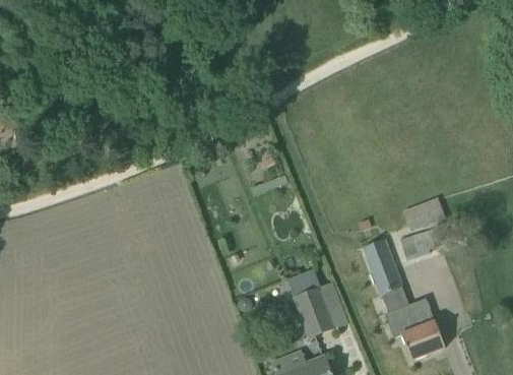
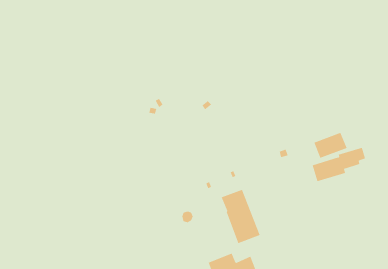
building: [364,239,402,294] -> none
building: [385,298,446,360] -> none

